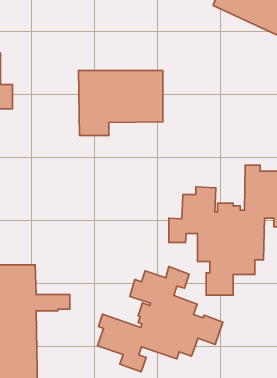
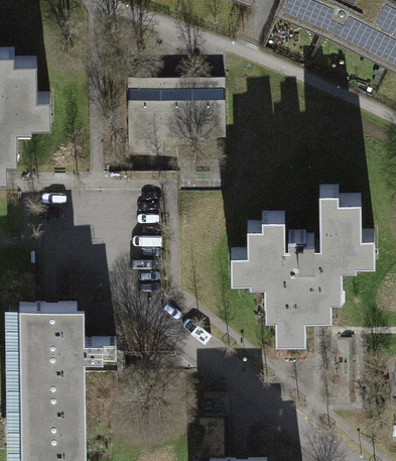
building: [97,267,223,372] -> none

